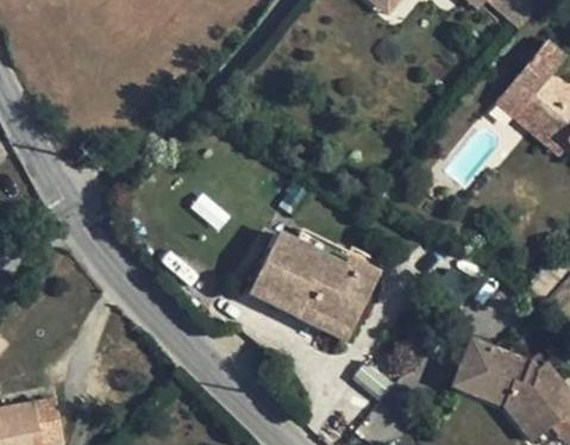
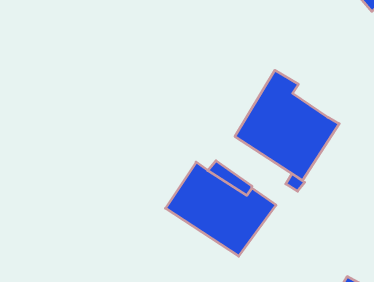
building: none -> [235,70,339,181]

